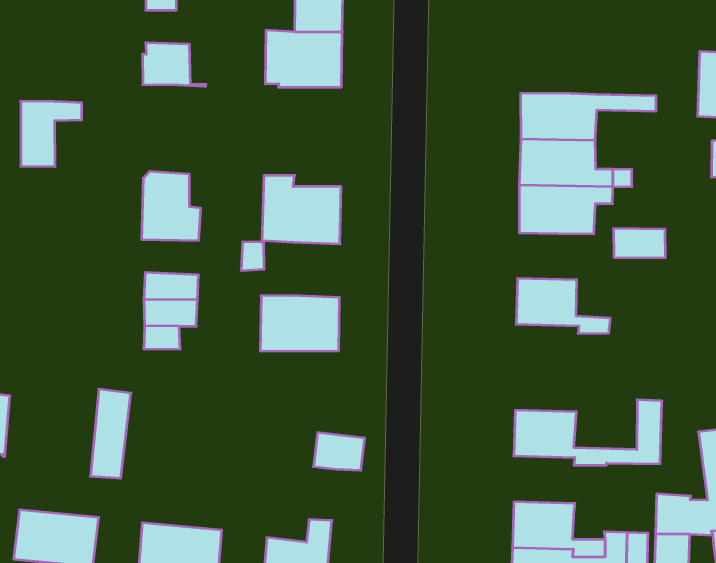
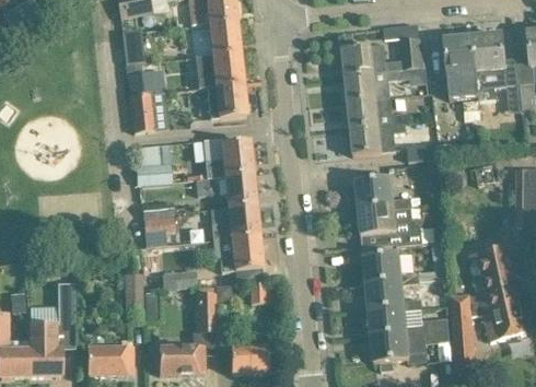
building: none -> [343,39,423,74]
building: none -> [207,83,246,118]
building: [21,101,82,167] -> [129,92,165,132]
building: none -> [225,173,256,206]
building: none -> [359,203,423,248]
building: none -> [214,234,263,270]
building: none -> [162,269,198,290]
building: none -> [197,286,215,331]
building: none -> [366,279,422,309]

